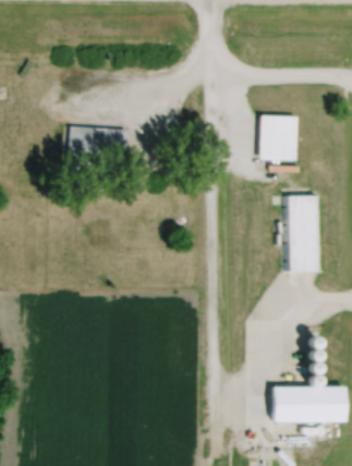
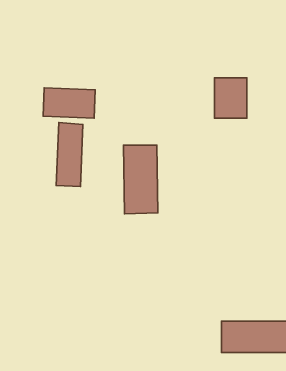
building: none -> [56,123,83,186]
building: [284,196,323,272] -> [124,145,158,214]

